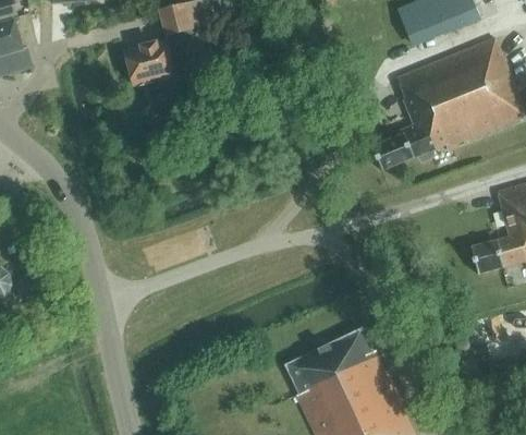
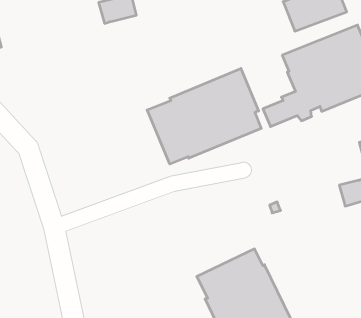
building: [125,32,184,84] -> none
building: none -> [147,68,261,164]

